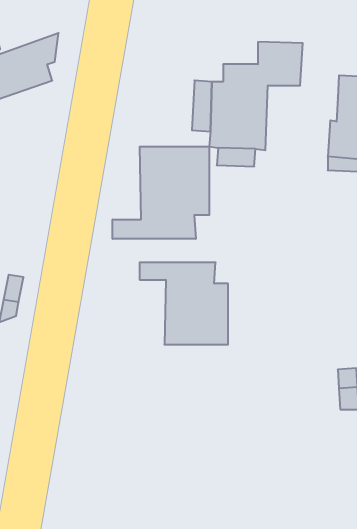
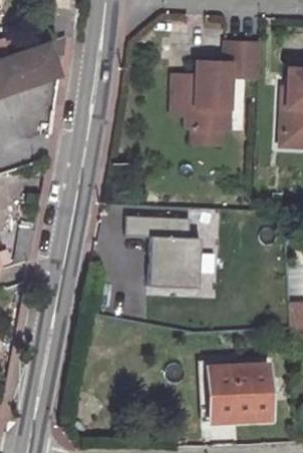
building: [113,147,209,239] -> none
building: none -> [211,364,272,420]

